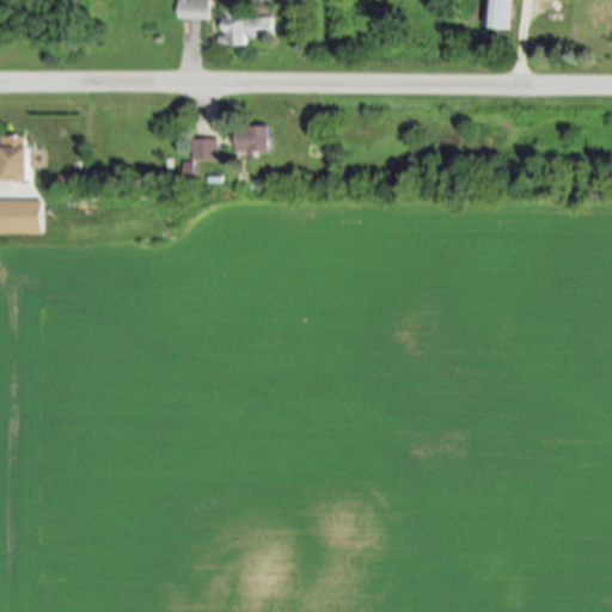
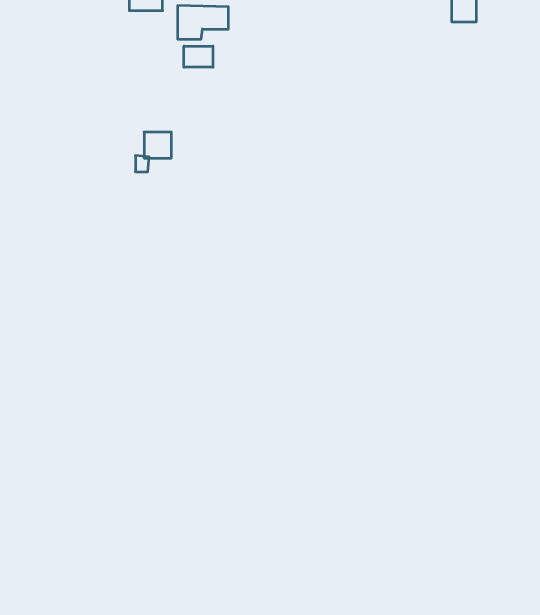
building: none -> [184,46,213,67]
building: [234,124,265,152] -> none

